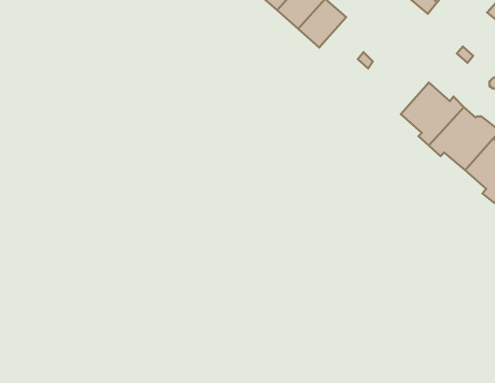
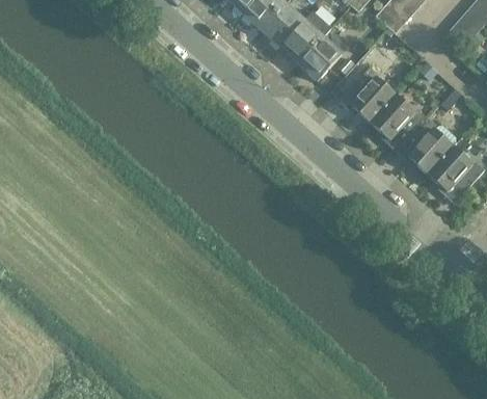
building: none -> [299,35,342,79]
building: none -> [340,64,397,122]

